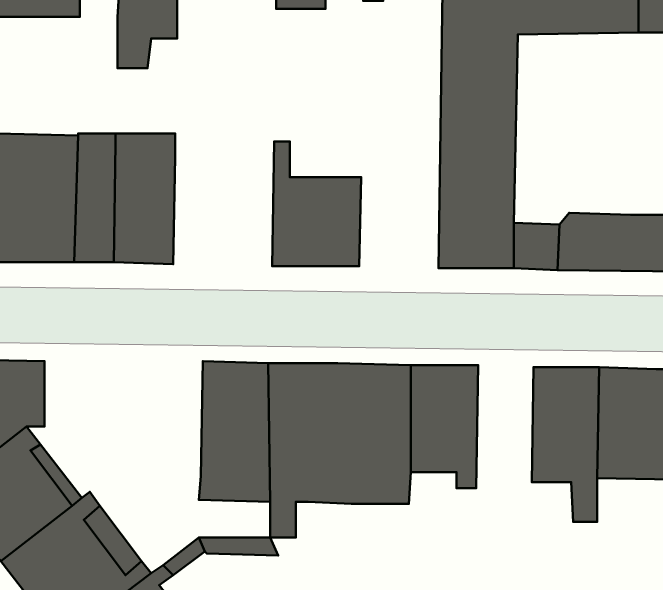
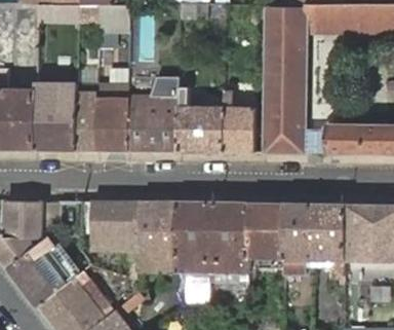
building: none -> [127,78,180,152]
building: none -> [224,90,257,153]
building: none -> [91,201,143,283]
building: none -> [284,204,314,273]

